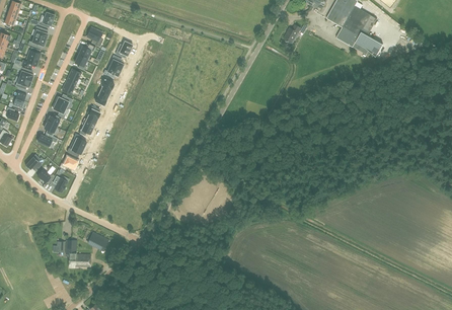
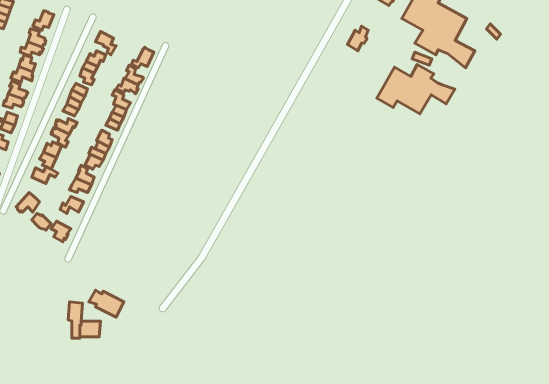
building: none -> [377,65,455,114]

